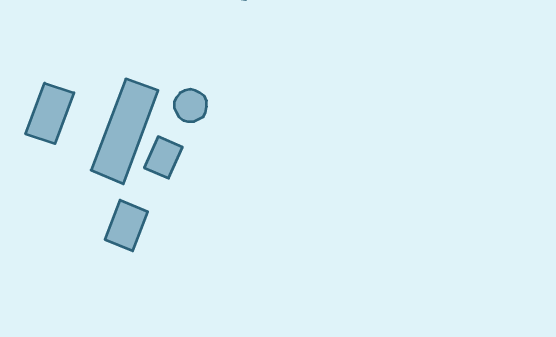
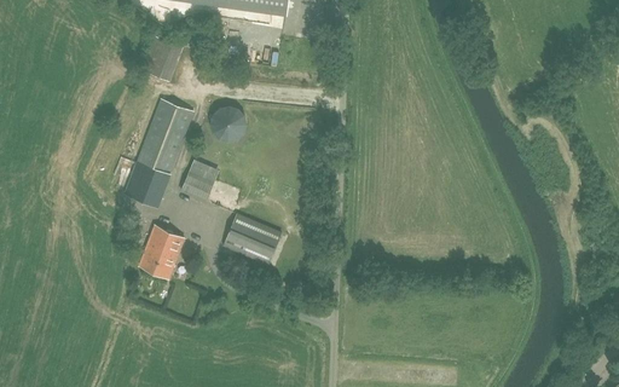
building: [26,83,74,144] -> none
building: none -> [222,214,282,264]

